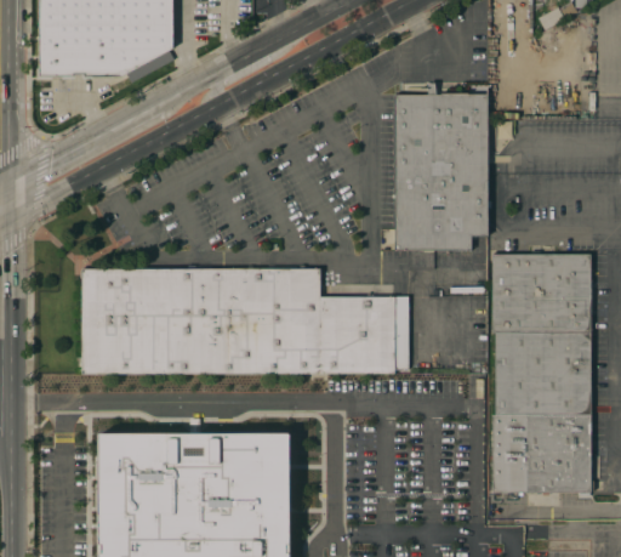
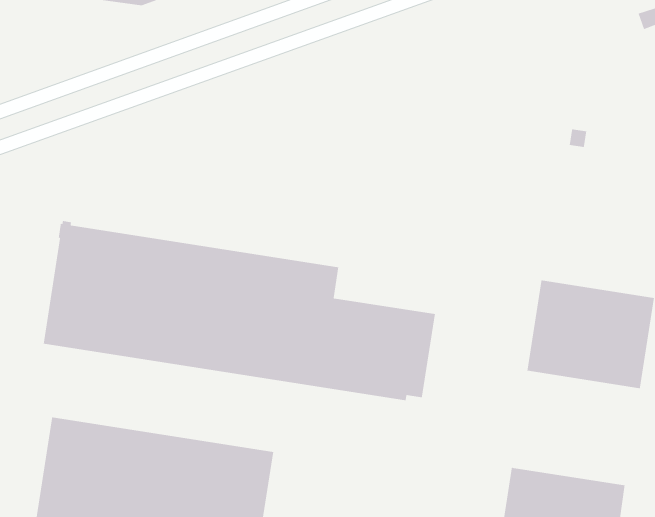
building: [395,93,489,250] -> none
building: [495,333,591,415] -> none

